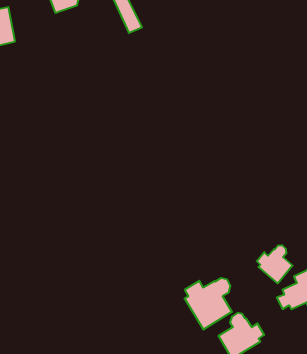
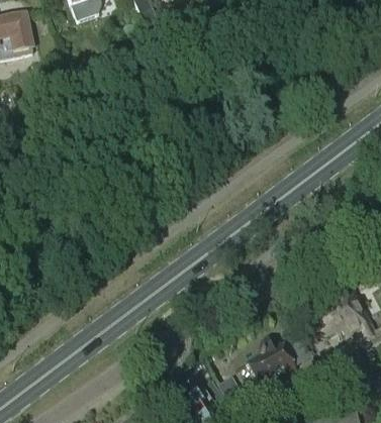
building: [257,245,293,283] -> none
building: [185,278,232,330] -> none

